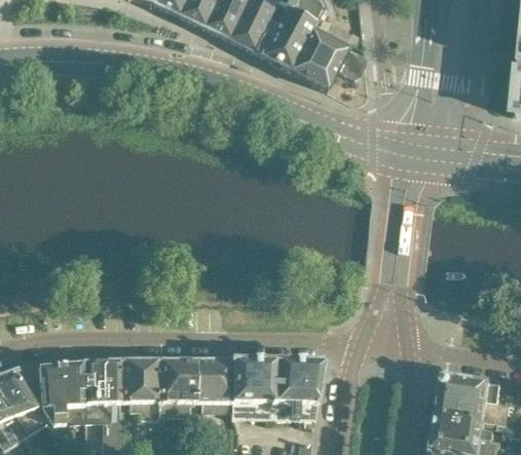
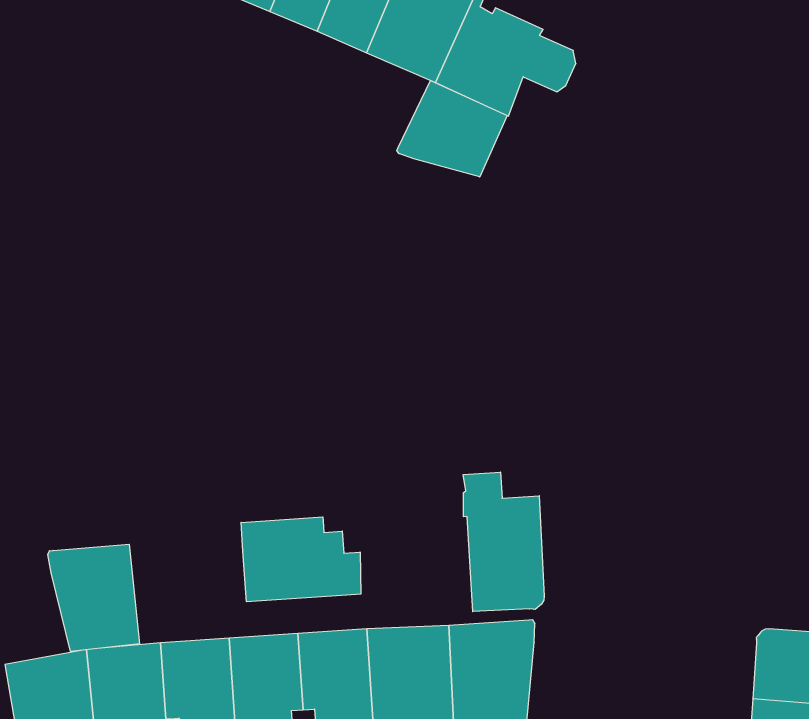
building: none -> [397,80,507,177]
building: none -> [463,472,544,612]
building: none -> [241,517,361,602]
building: none -> [48,544,139,651]

